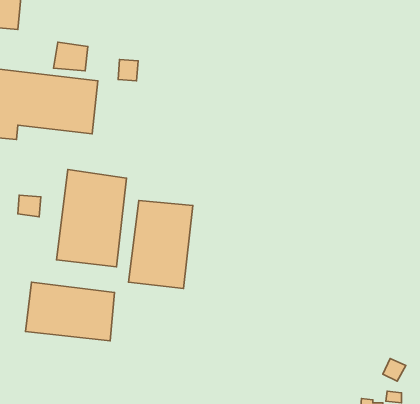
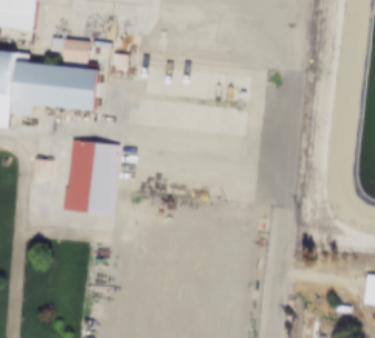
building: [129,200,193,289] -> none
building: [26,282,114,341] -> none

